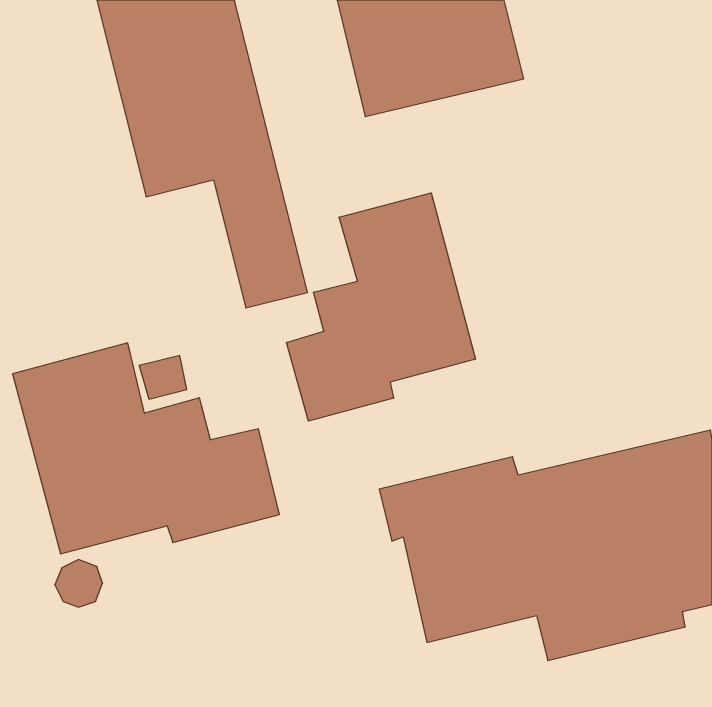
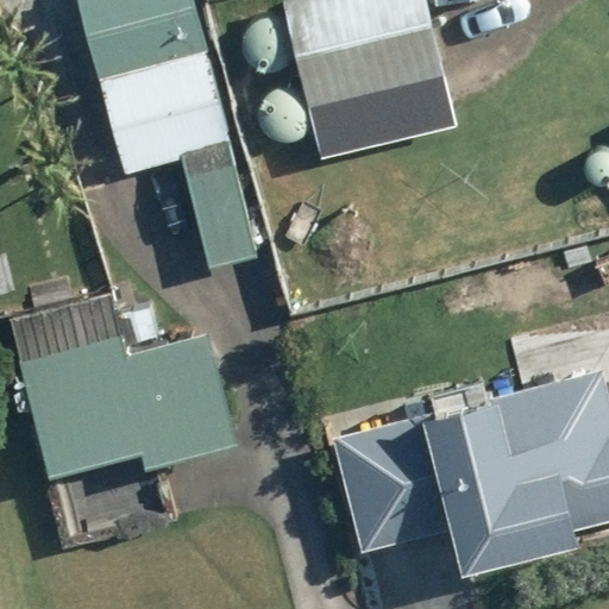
building: [286,193,475,421] -> none

